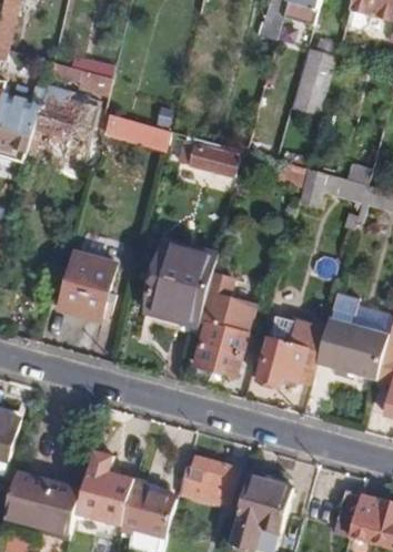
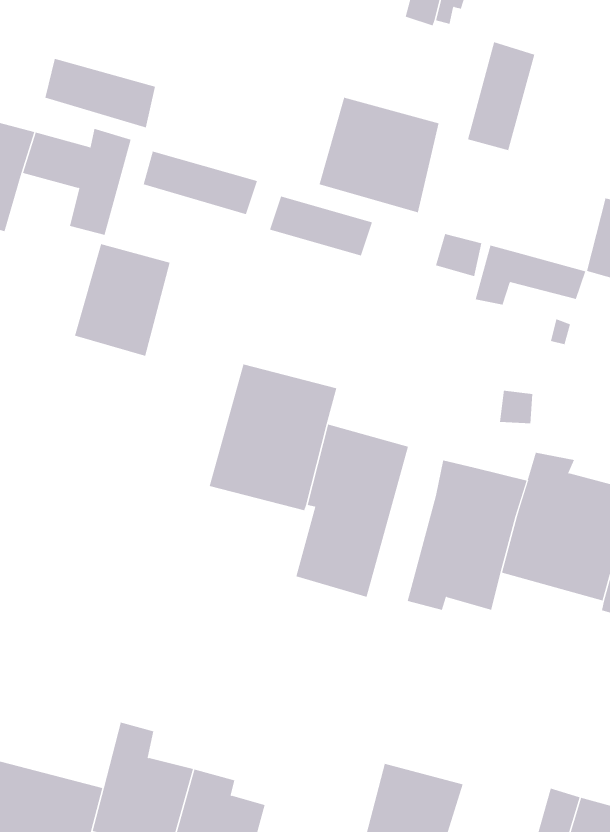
building: none -> [319,97,439,213]
building: [59,252,115,318] -> [74,244,170,357]
building: [178,454,236,505] -> none

